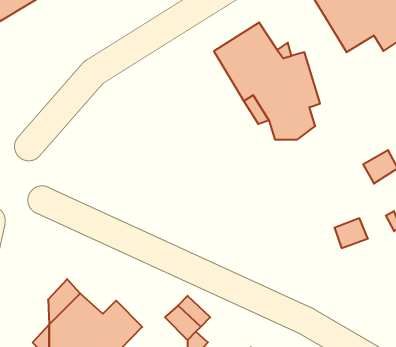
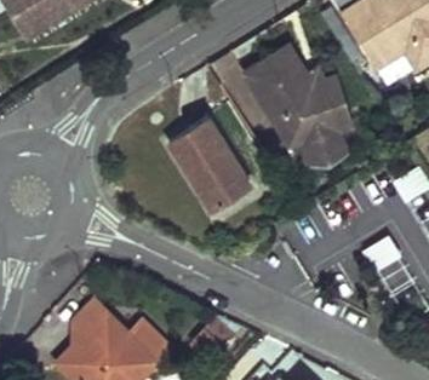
building: none -> [175,121,246,205]

